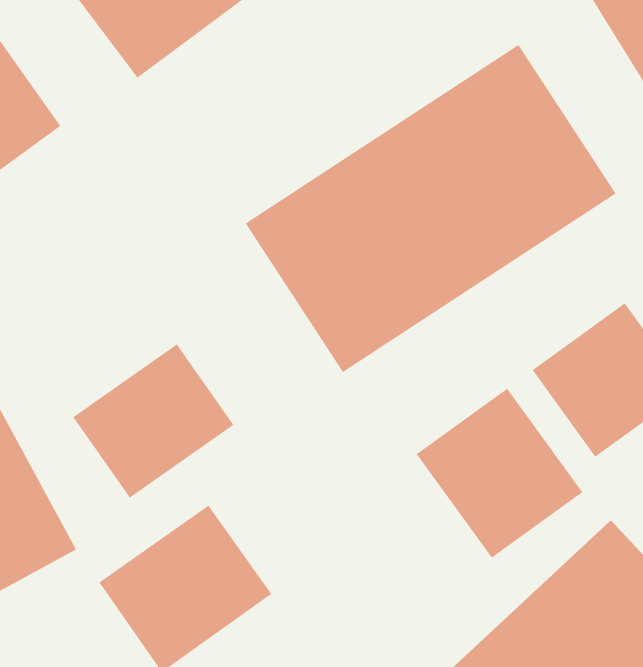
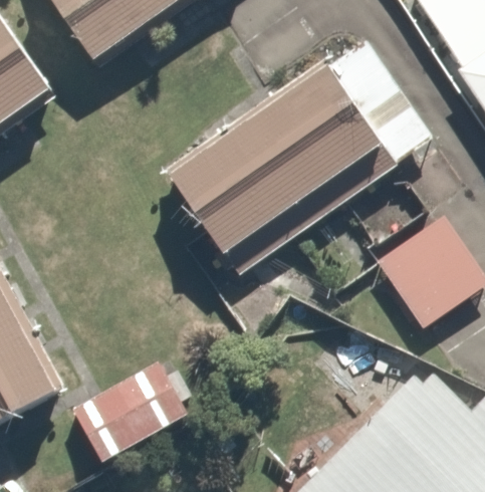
building: [72,343,234,498] -> none
building: [416,388,583,559] -> none

